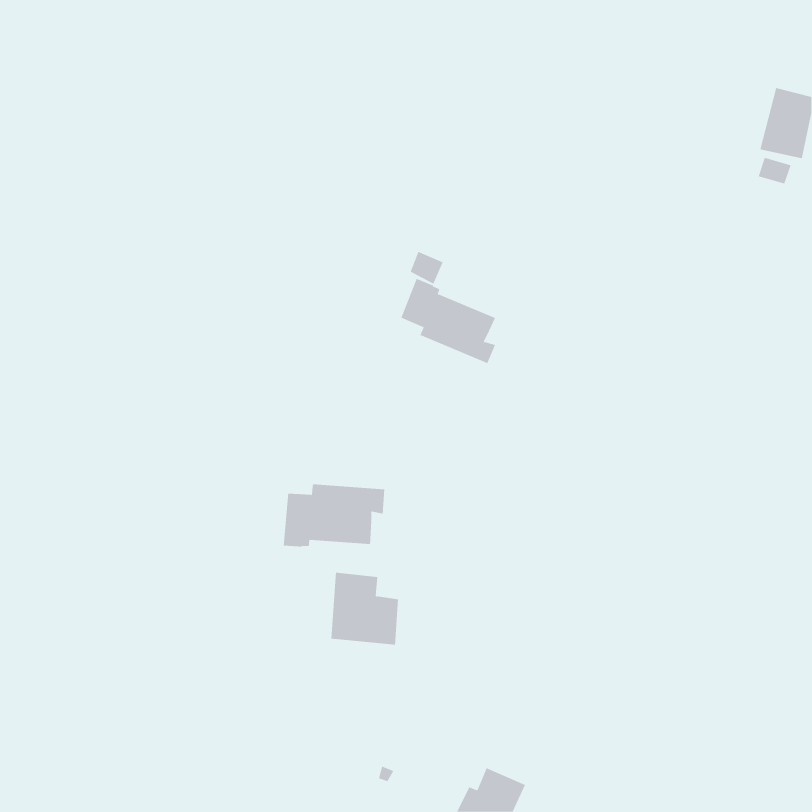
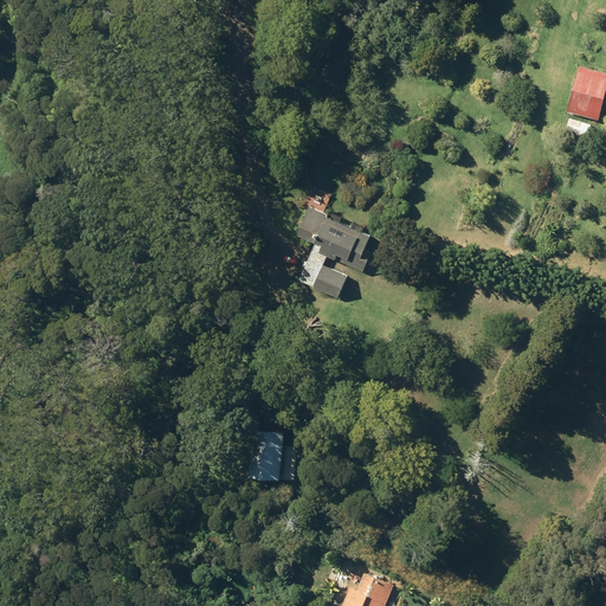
building: none -> [301,260,348,297]
building: [283,484,385,548] -> none

